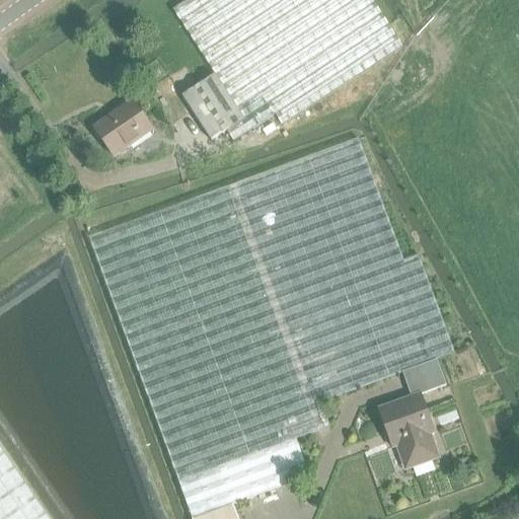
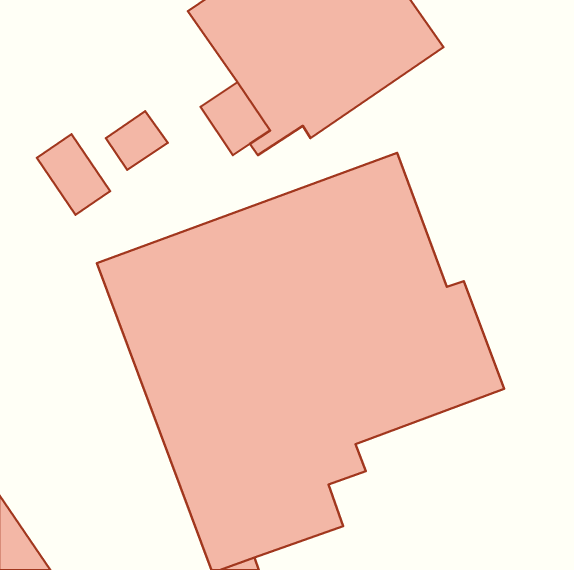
building: none -> [37,134,110,215]
building: [378,358,445,466] -> none

